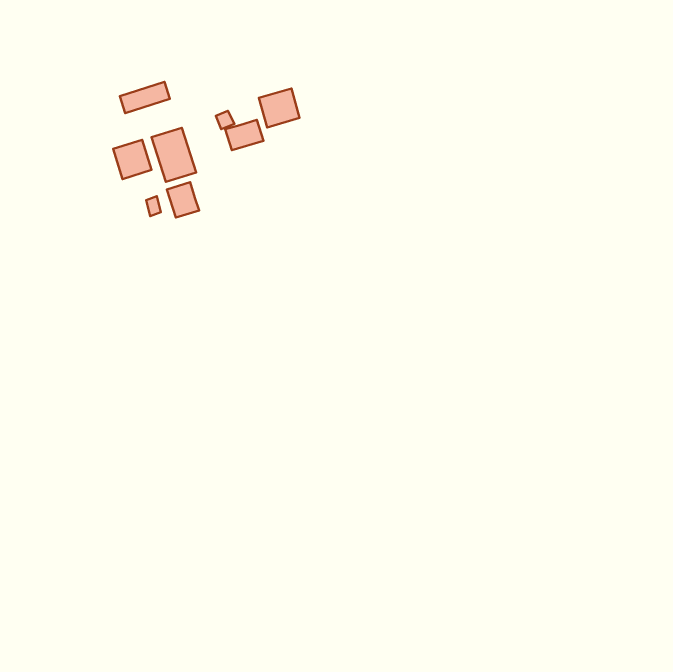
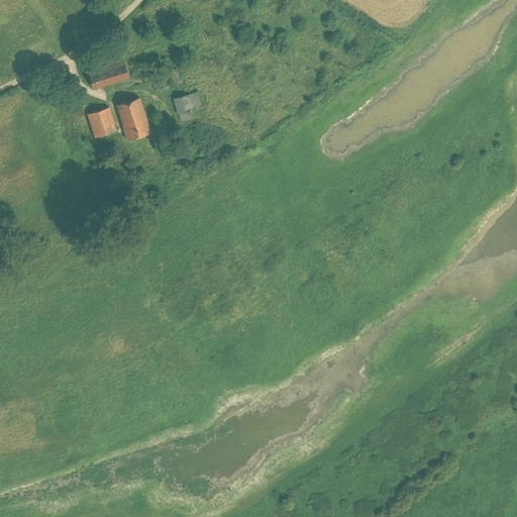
building: [259,88,300,127] -> none
building: [167,182,199,218] -> none

